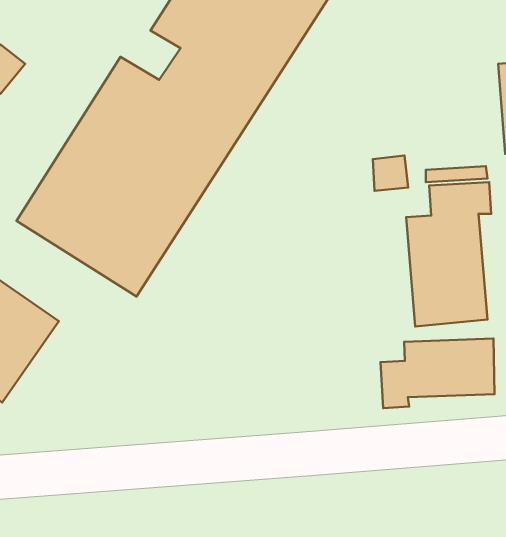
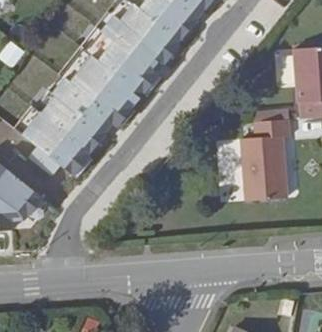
building: [380,338,494,408] -> none

